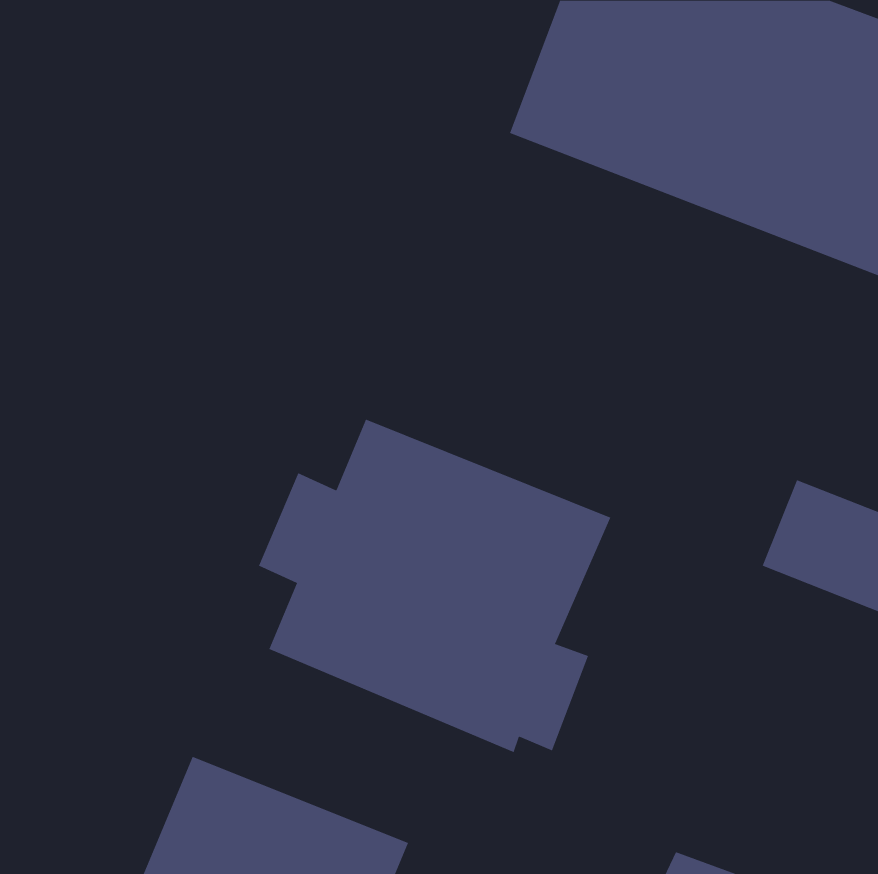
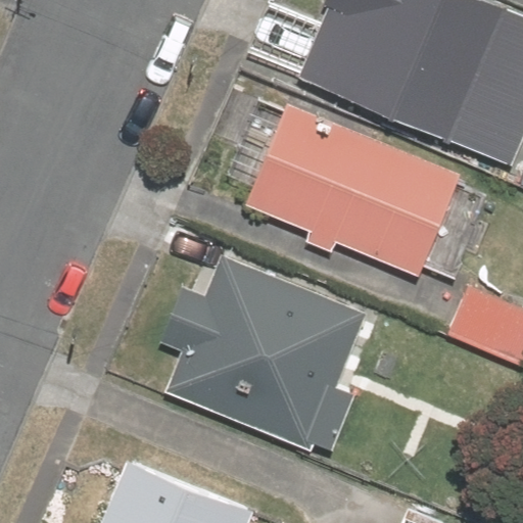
building: none -> [252,108,468,281]

